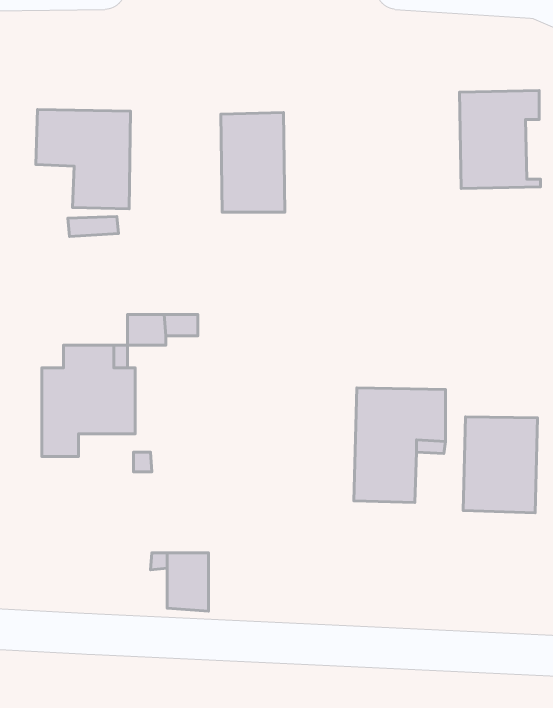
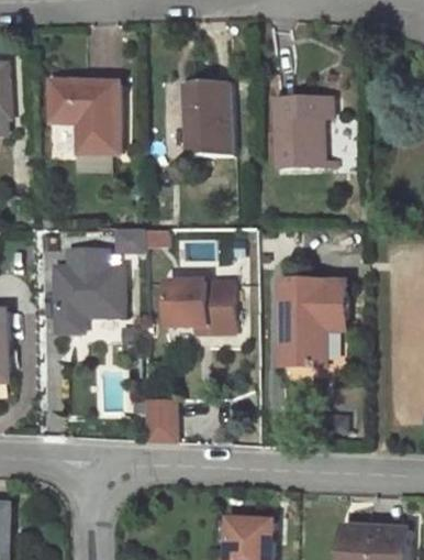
building: [460,91,541,188] -> [275,97,333,167]
building: none -> [166,281,233,331]
building: [463,417,538,513] -> none

